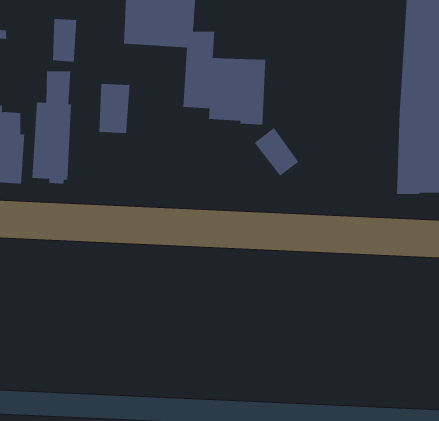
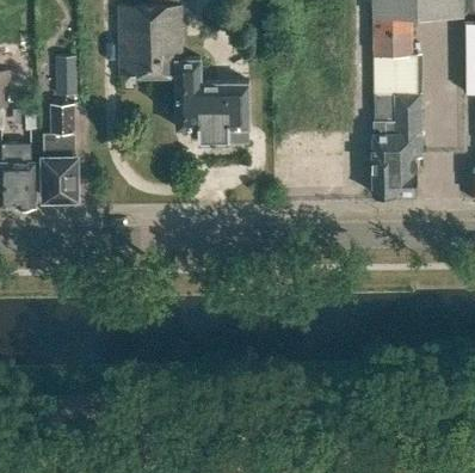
building: [99,83,130,134] -> none
building: [254,127,299,177] -> none

